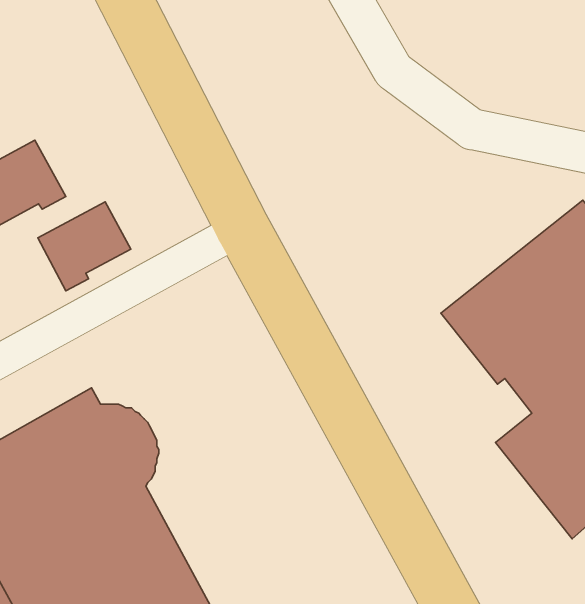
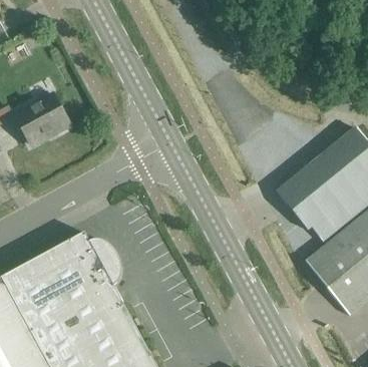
building: [38,202,131,291] -> none

